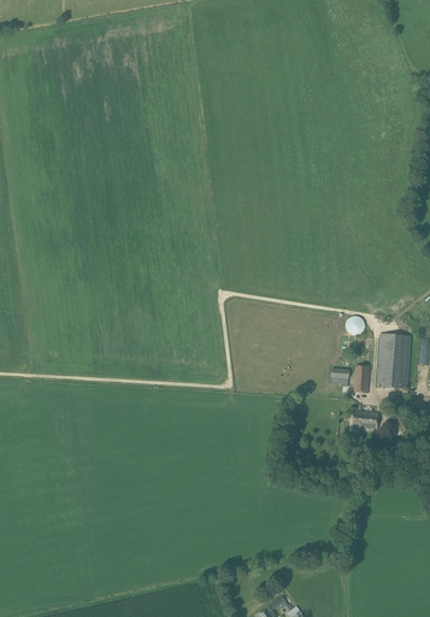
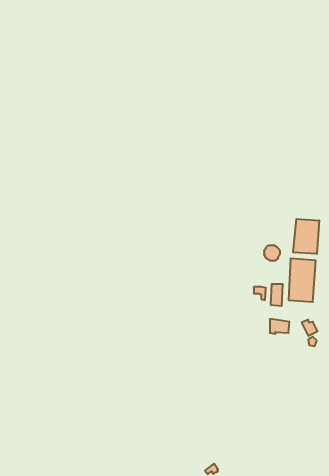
building: none -> [293,219,319,254]

